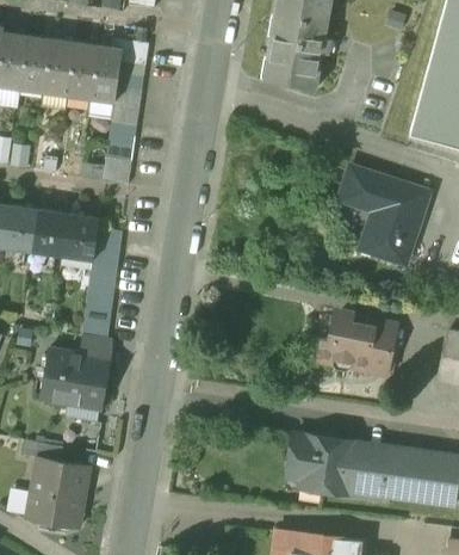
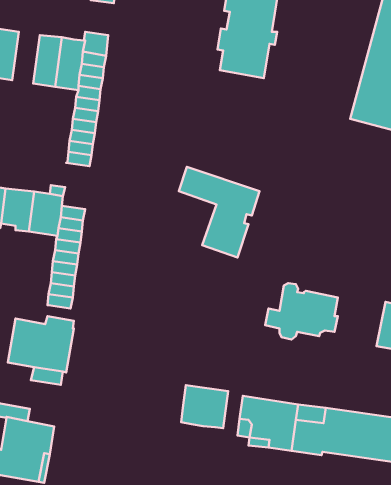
building: [44,39,74,95] -> none
building: [341,166,428,264] -> [179,167,260,257]
building: none -> [181,385,228,428]

